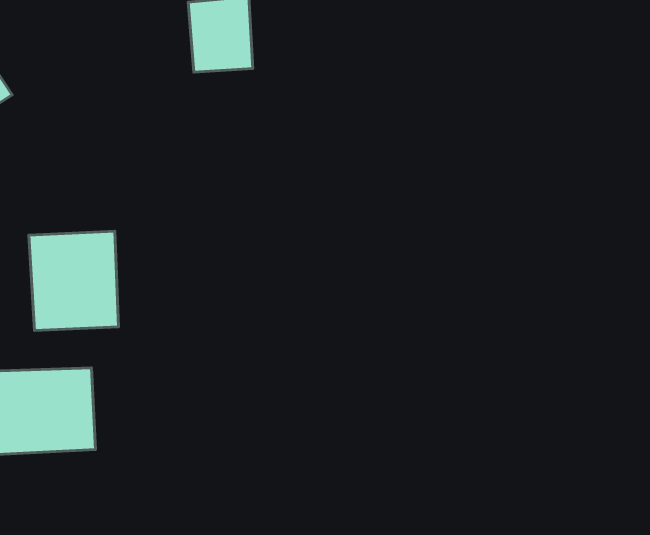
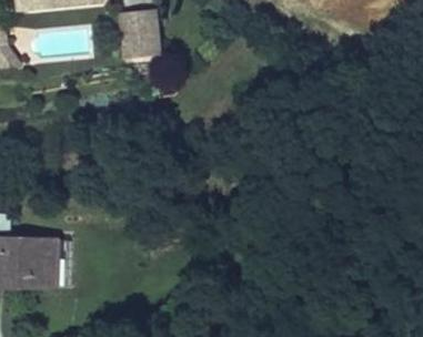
building: [29,231,118,330] -> none

